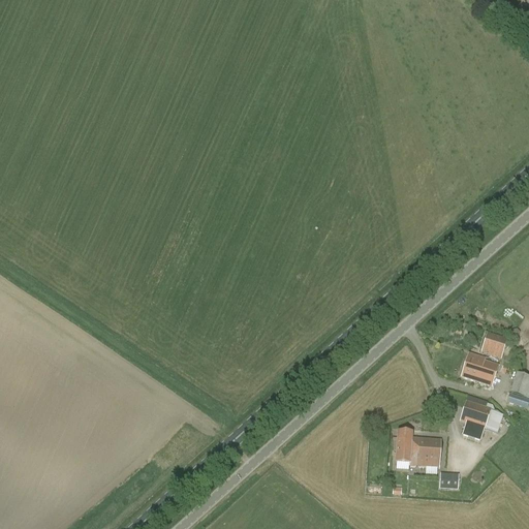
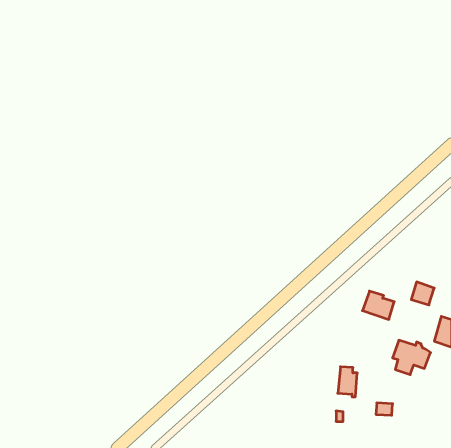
building: [462,351,499,384] -> [362,291,394,319]
building: [416,436,442,465] -> none

